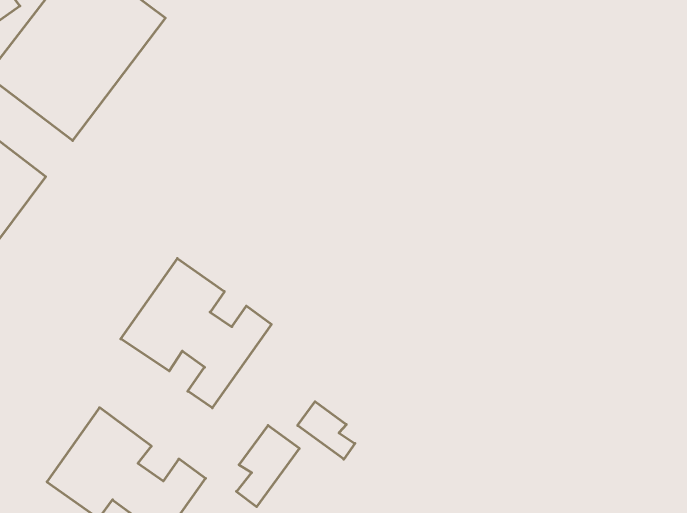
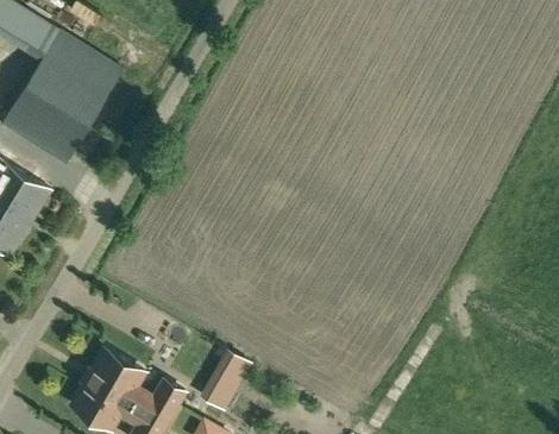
building: [121,258,271,408] -> none
building: [298,402,355,459] -> none

